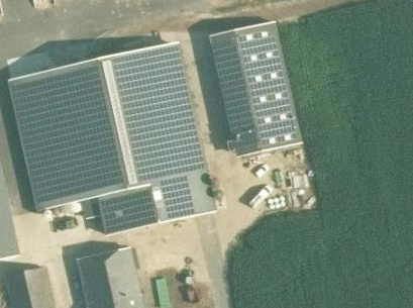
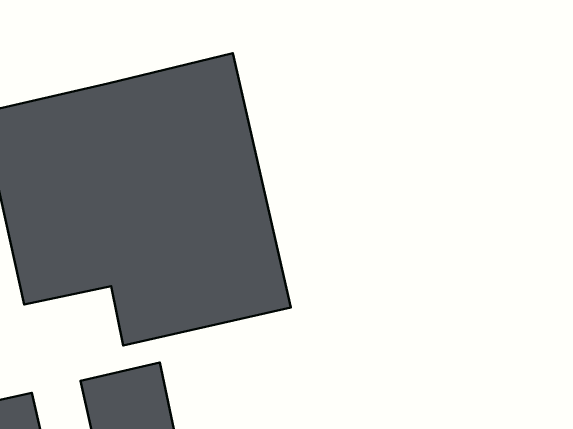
building: [208,19,300,156] -> none

